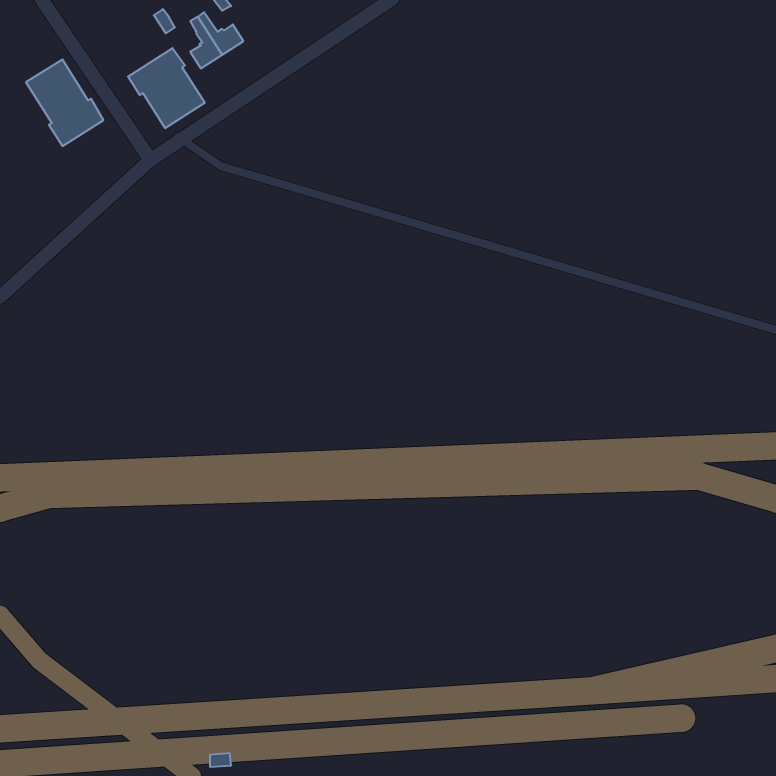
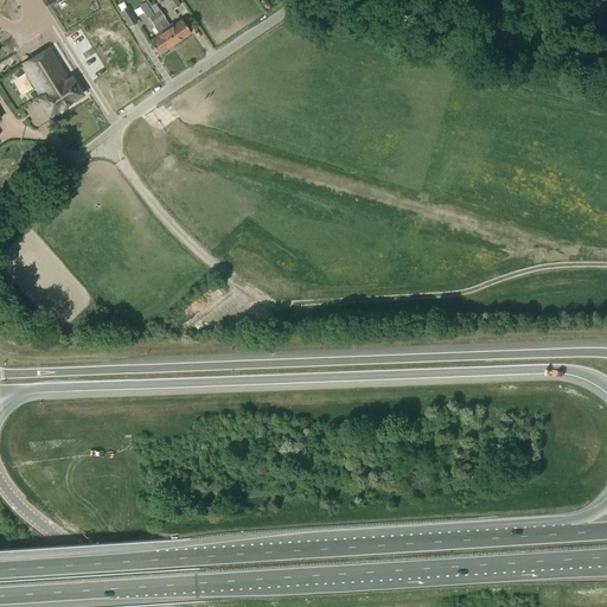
building: [128,48,205,128] -> none

